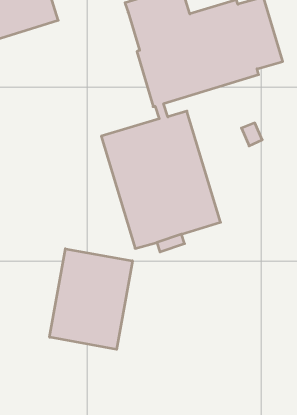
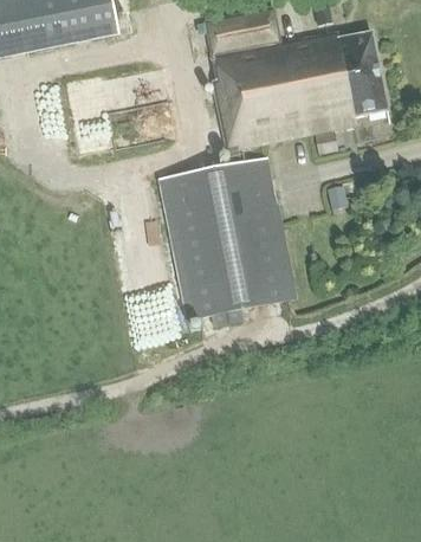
building: [50,249,132,349] -> none

